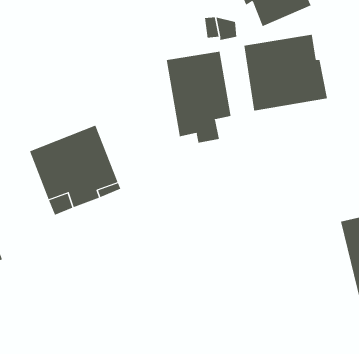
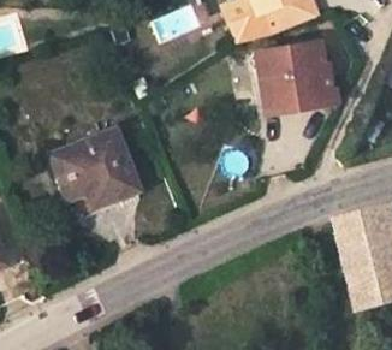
building: [166,51,231,143] -> none

